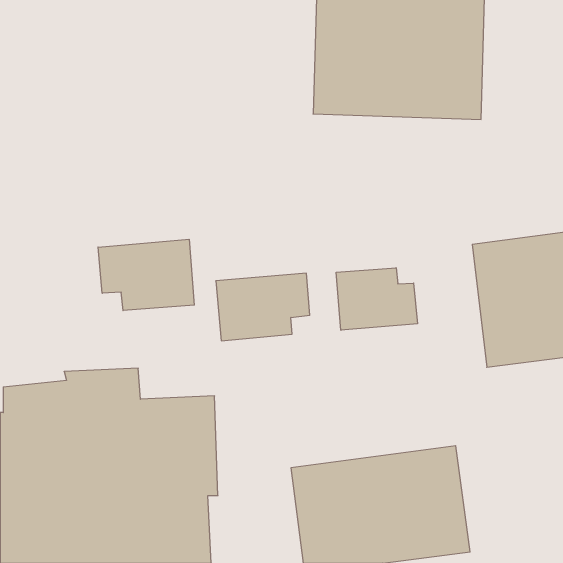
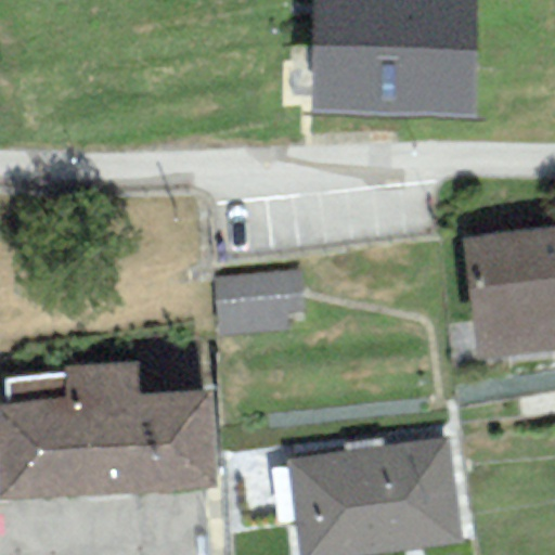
building: [98,239,194,311] -> none
building: [336,268,417,330] -> none

